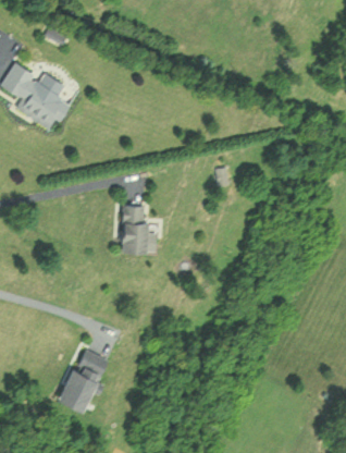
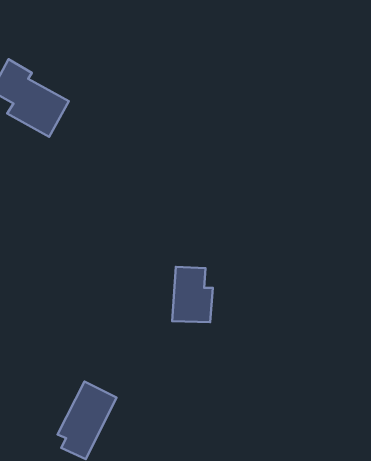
building: [118,205,153,254] -> [172,267,213,322]

